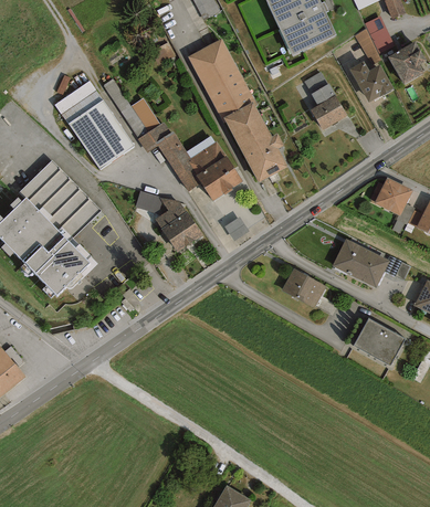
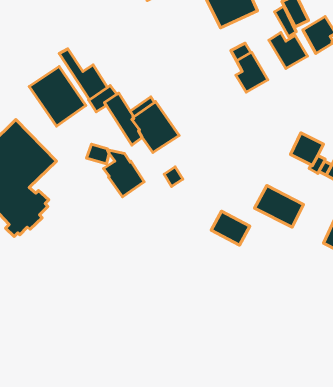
building: [187,38,287,182] -> none
building: [54,80,103,123] -> none
building: [353,317,406,367] -> none

